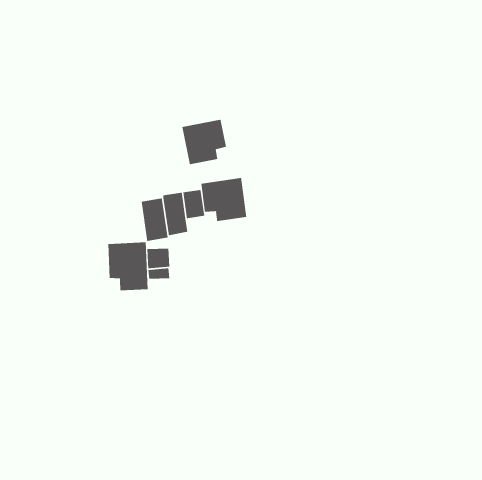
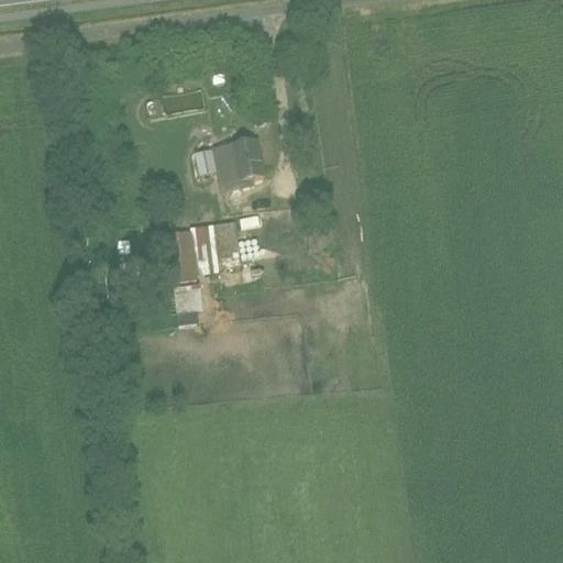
building: [201,177,247,222] -> none
building: [108,242,148,291] -> none

